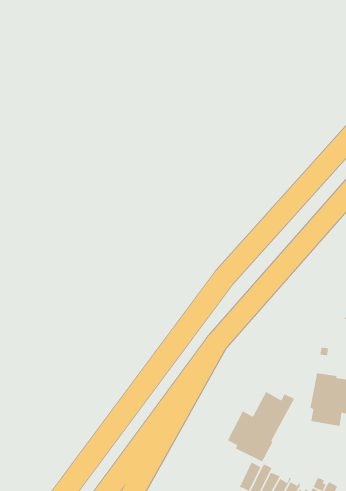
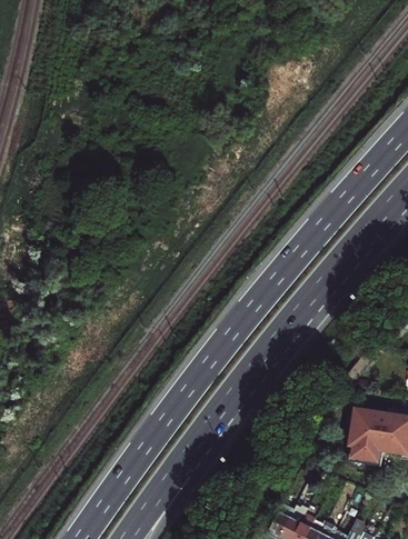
building: [227,391,295,463] -> none

